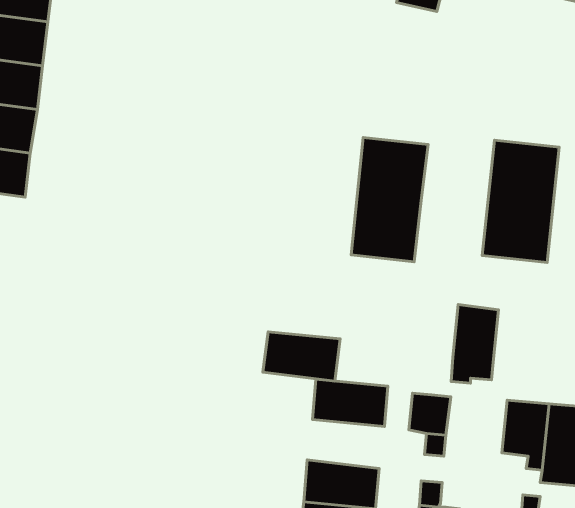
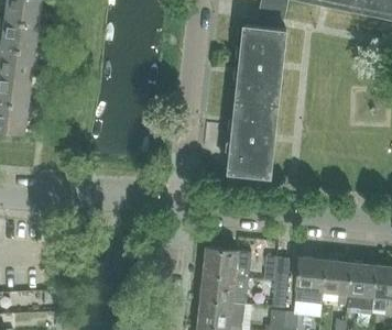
building: [482,140,559,263] -> [235,24,283,101]
building: [451,304,498,383] -> [295,258,325,308]
building: [263,332,340,381] -> [199,274,248,305]

